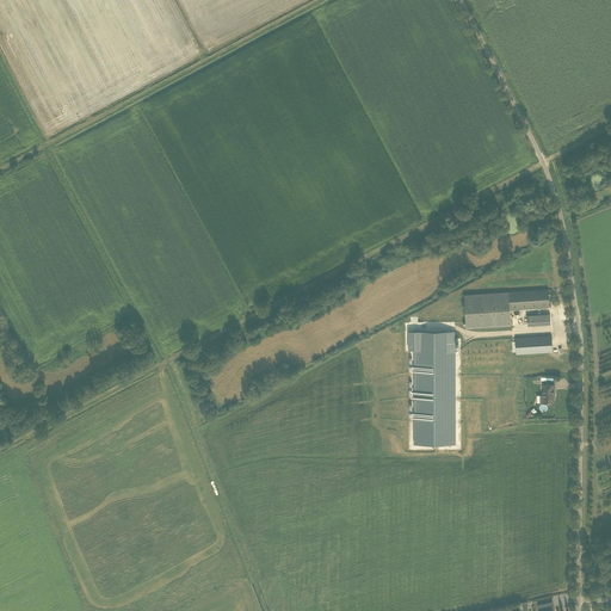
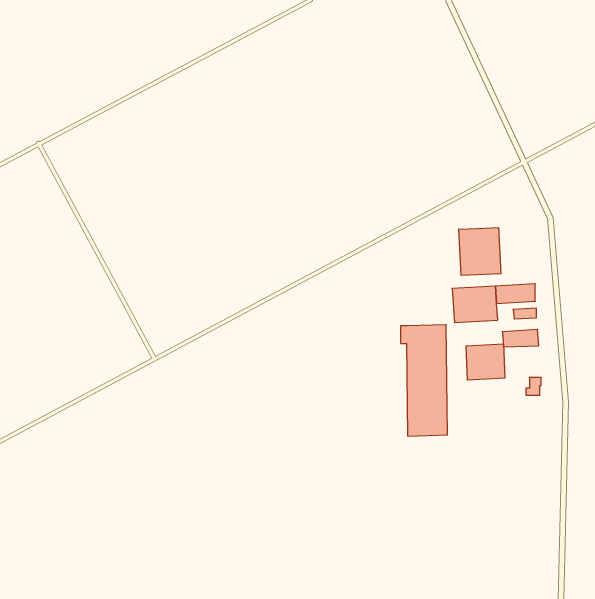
building: none -> [459,228,501,275]
building: none -> [466,344,505,380]

